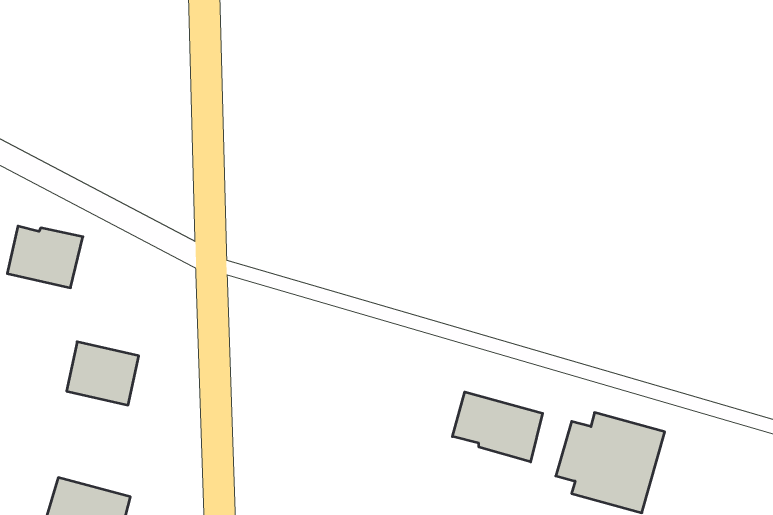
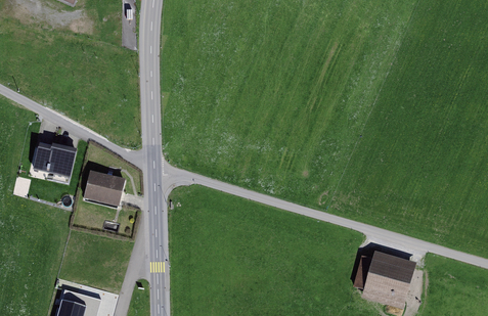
building: [67,342,139,405] -> [83,171,125,208]
building: [452,392,543,462] -> none

